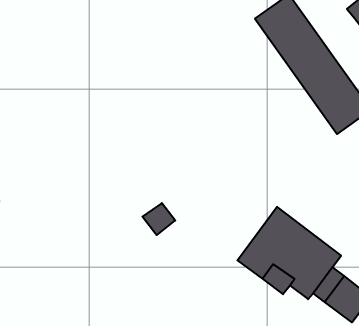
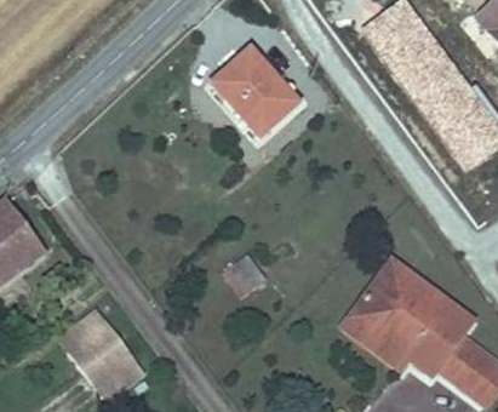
building: none -> [213,53,294,139]
building: none -> [59,310,147,404]

